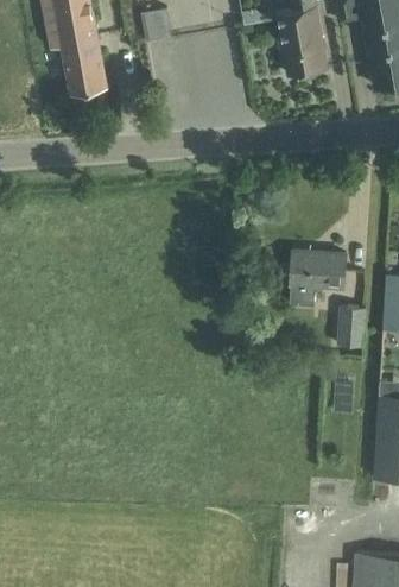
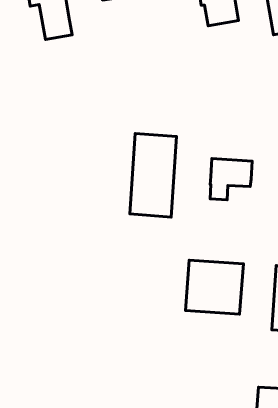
building: none -> [130,133,176,217]
building: [336,308,365,349] -> none
building: none -> [185,260,243,314]

